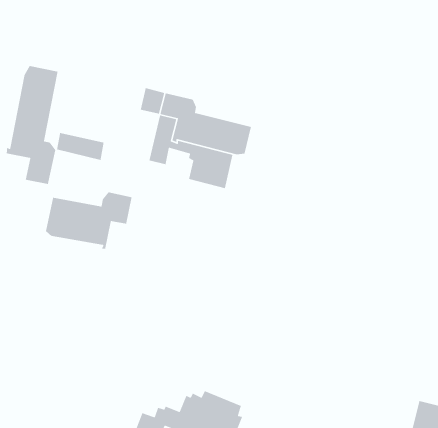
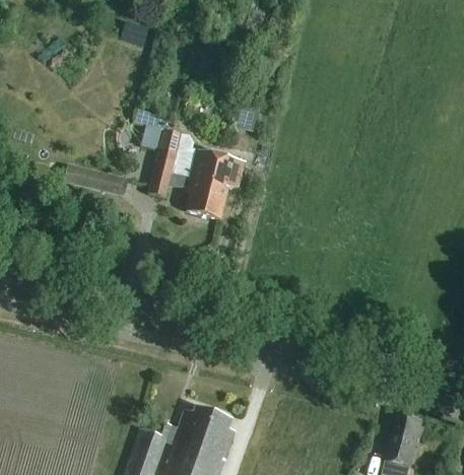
building: [6,65,59,185] -> none
building: [45,192,132,249] -> none

